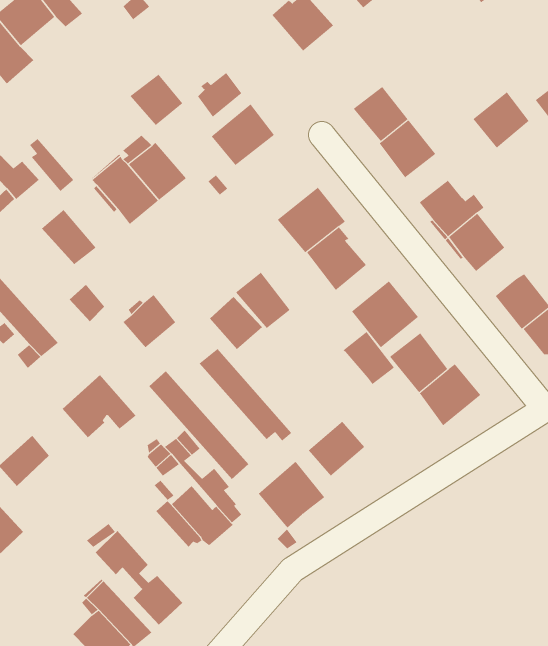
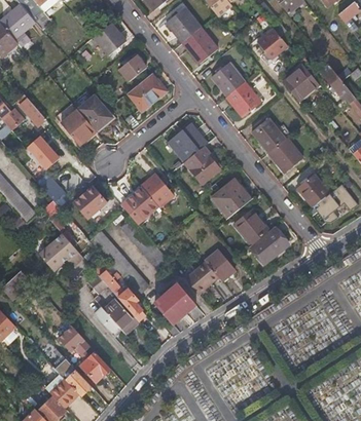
building: none -> [182,27,218,64]
building: none -> [256,29,287,59]
building: [129,74,183,126] -> [94,23,125,53]
building: [343,331,395,385] -> [205,248,236,280]

